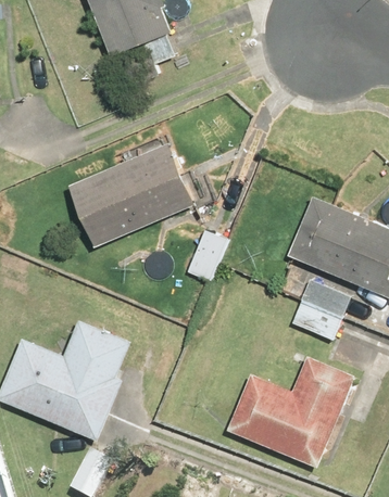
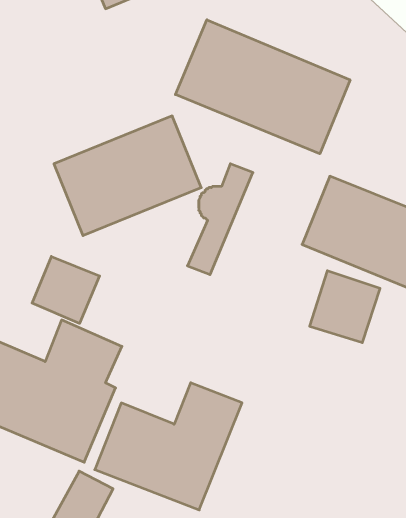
building: none -> [175,20,350,154]
building: none -> [32,256,100,323]
building: [226,357,353,467] -> [95,383,242,510]

